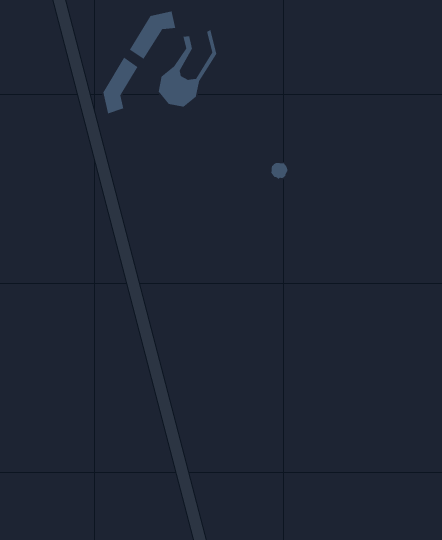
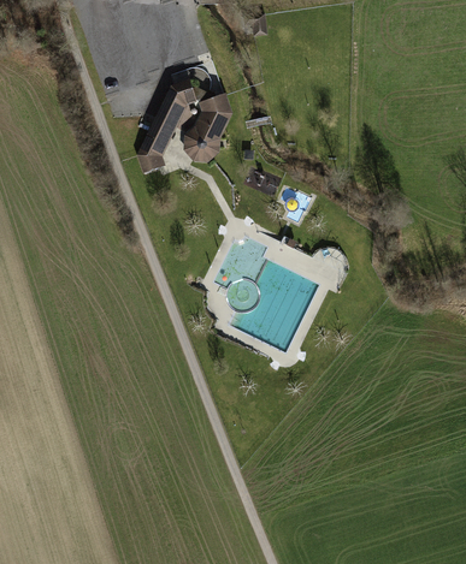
building: none -> [154,95,196,166]
building: none -> [202,95,226,136]

